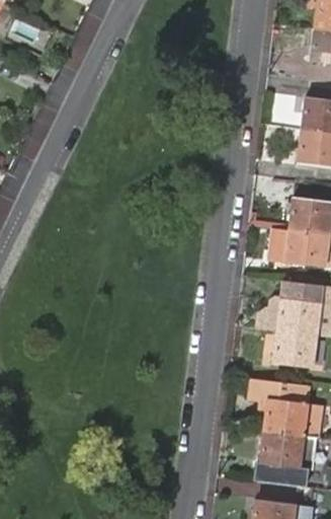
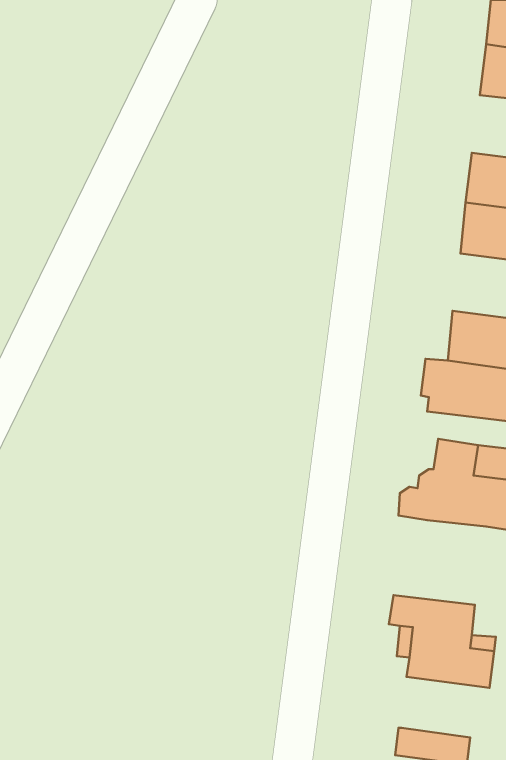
building: [272,330,314,368] -> none
building: [260,430,316,469] -> none

